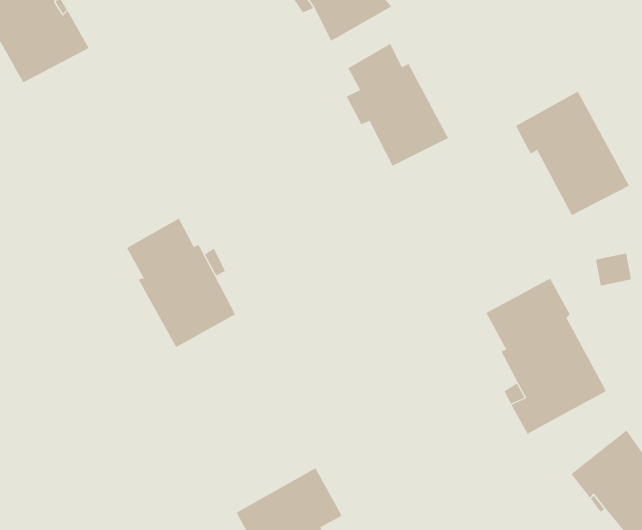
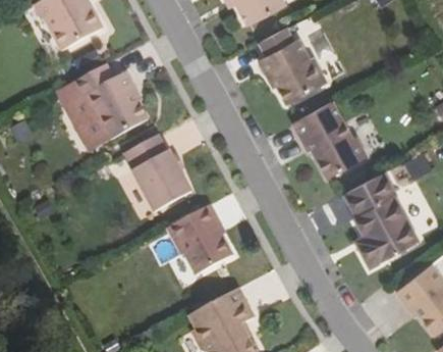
building: [515,91,630,216] -> [293,100,364,177]
building: none -> [57,64,148,151]
building: none -> [170,203,235,272]

